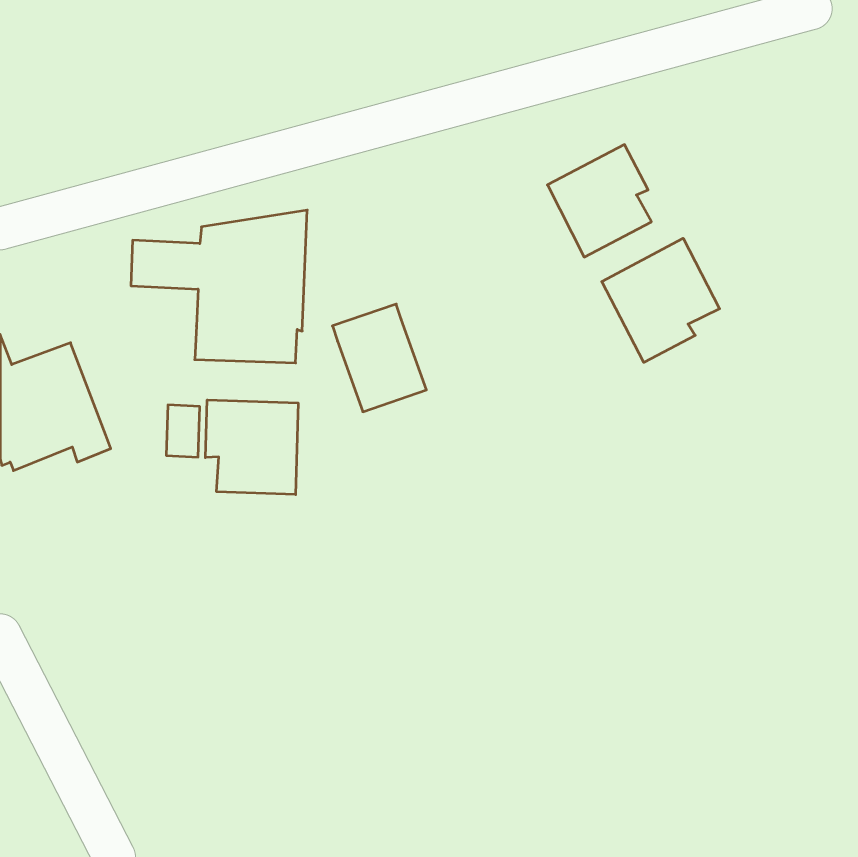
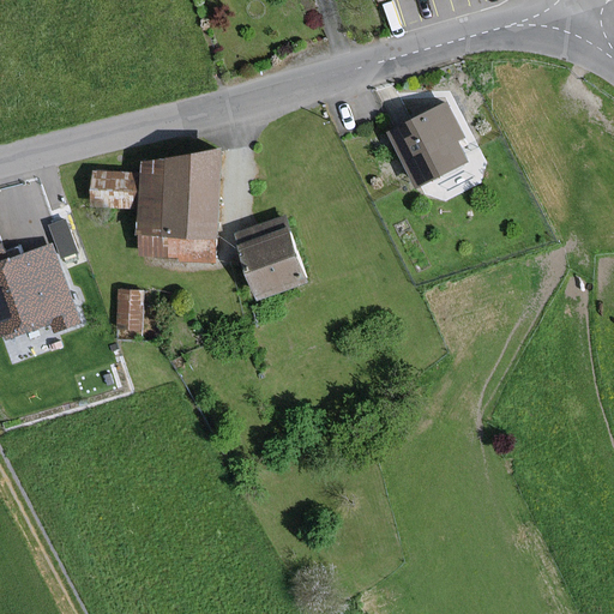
building: [602,238,720,362] -> none
building: [205,400,298,495] -> none

